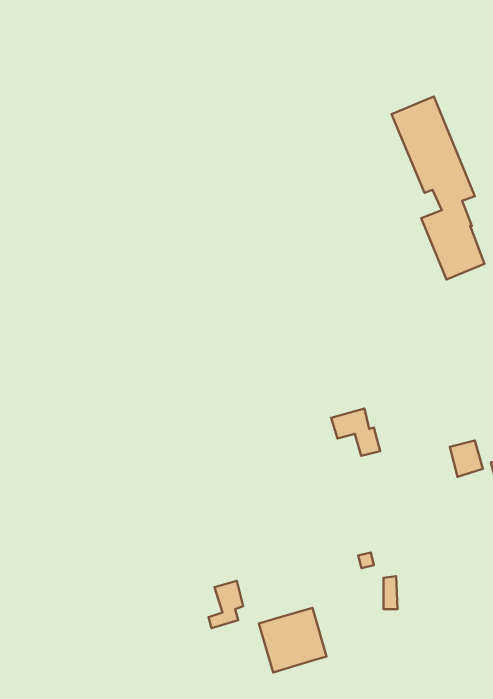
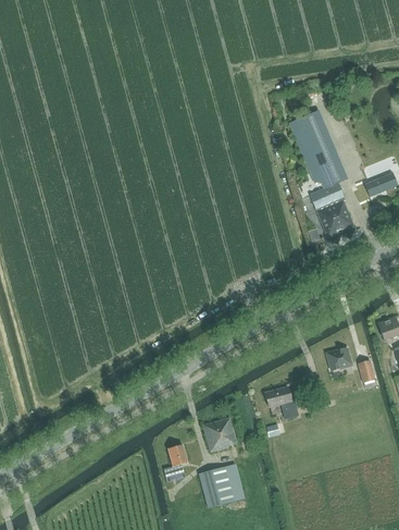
building: [331,408,380,456] -> [264,385,298,418]
building: none -> [202,417,236,451]

